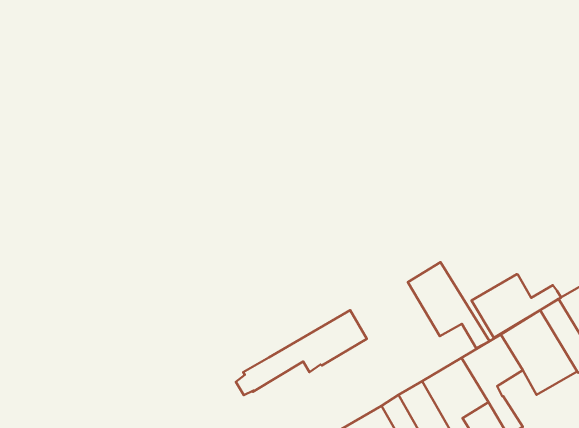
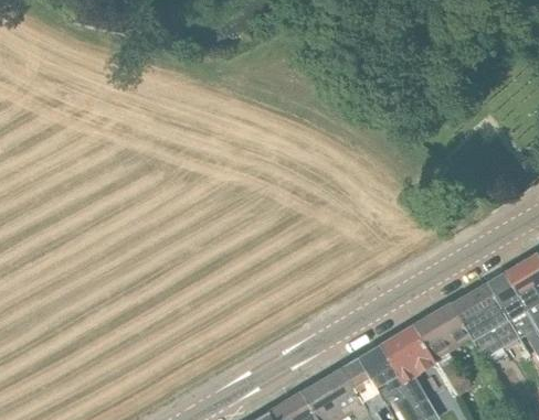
building: [408,262,489,348] -> none
building: [471,274,561,338] -> none
building: [236,310,367,395] -> none

